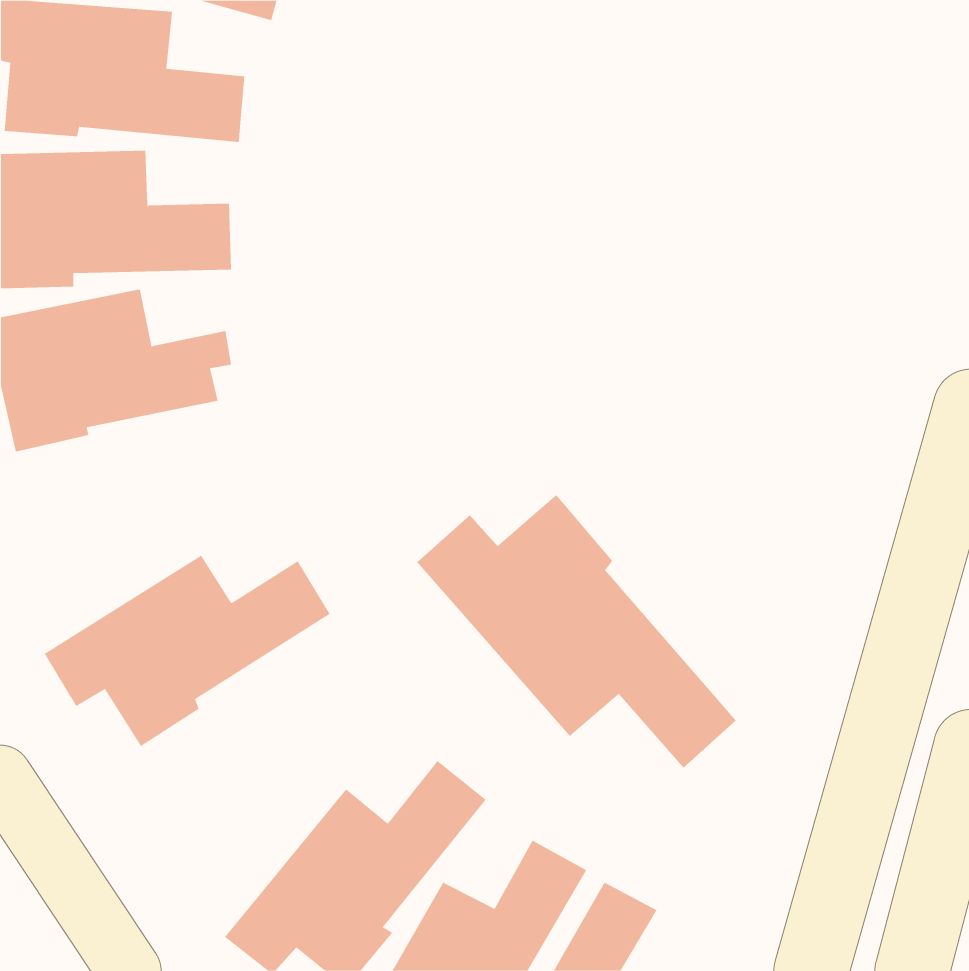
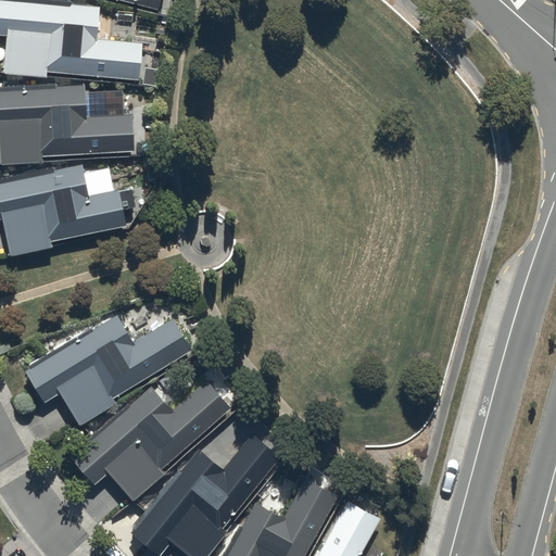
building: [417,494,736,769] -> none
building: none -> [71,382,229,503]

